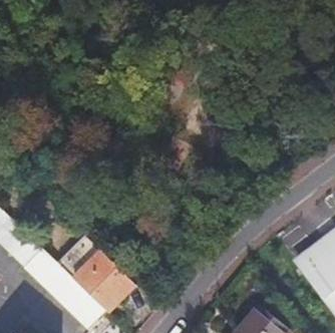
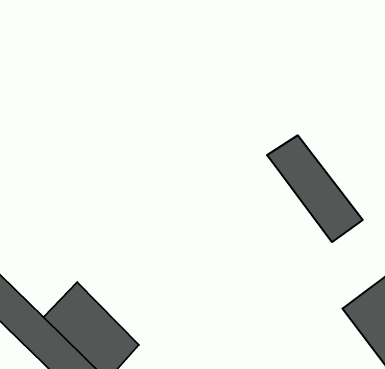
building: none -> [267,135,363,242]

